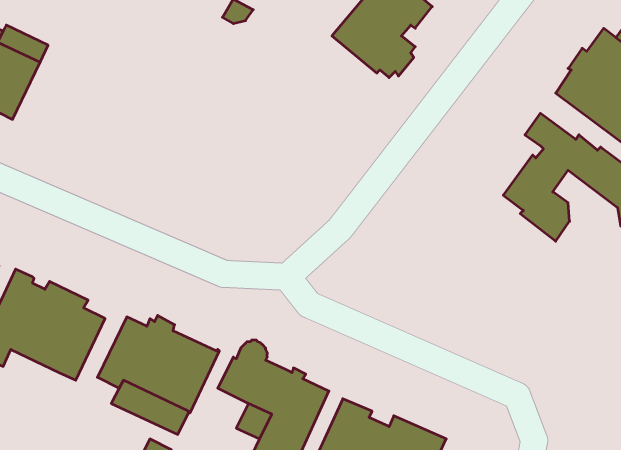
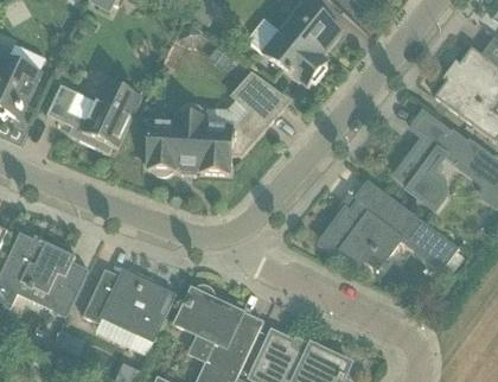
building: none -> [145,71,288,173]
building: none -> [45,78,141,152]
building: none -> [319,179,458,269]

